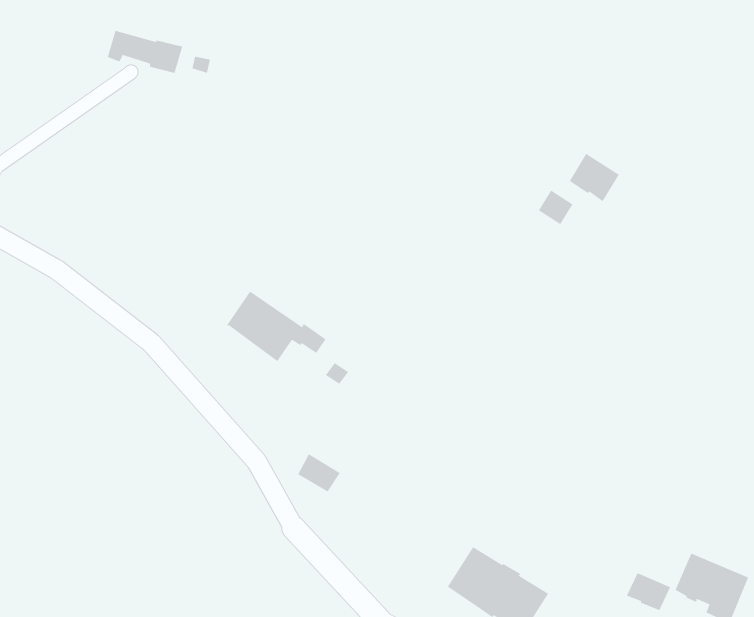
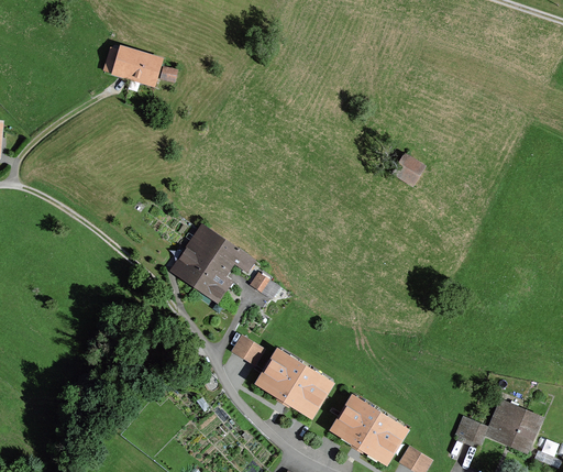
building: [569,153,620,203] -> none
building: none -> [175,251,229,298]
building: none -> [260,353,328,413]

